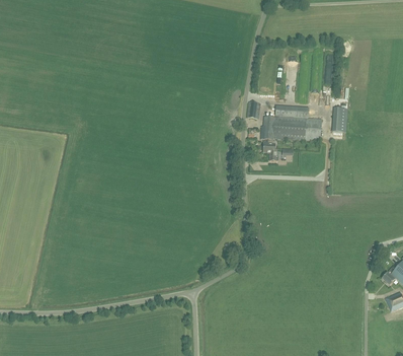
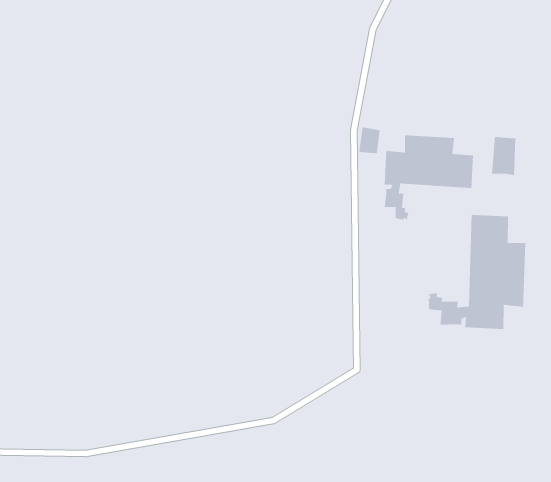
building: none -> [428,214,526,330]

